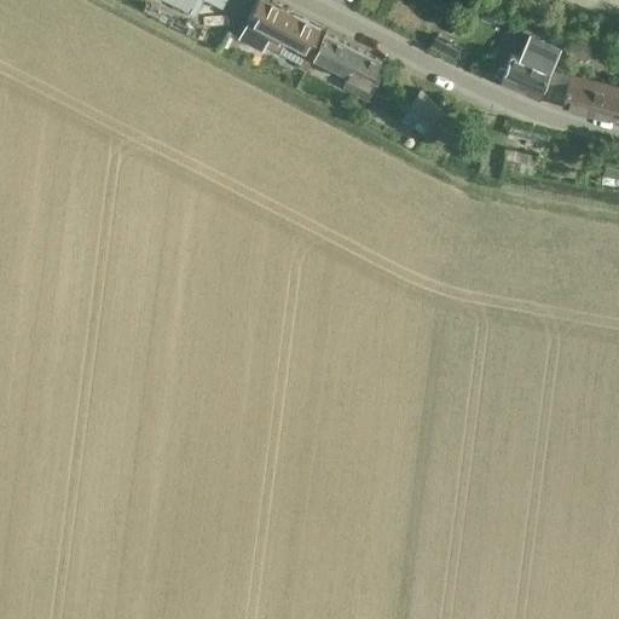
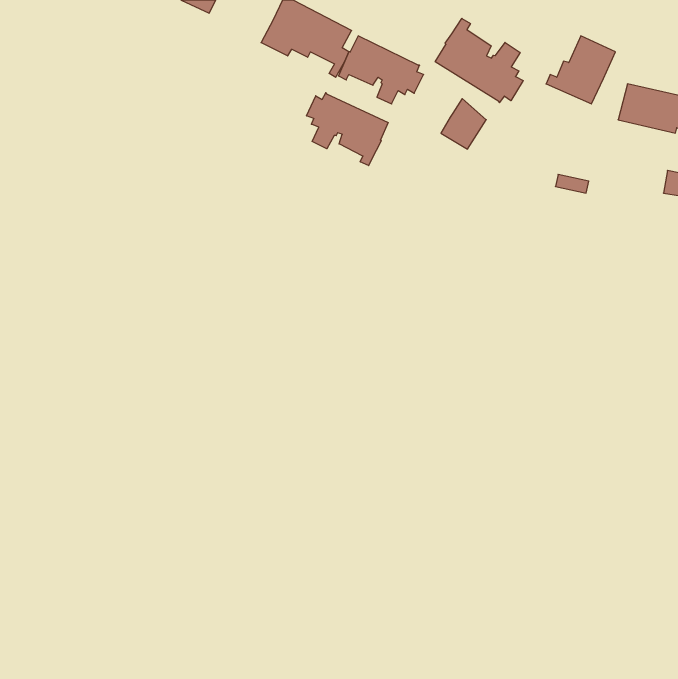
building: none -> [435,18,523,103]
building: none -> [307,93,388,166]

